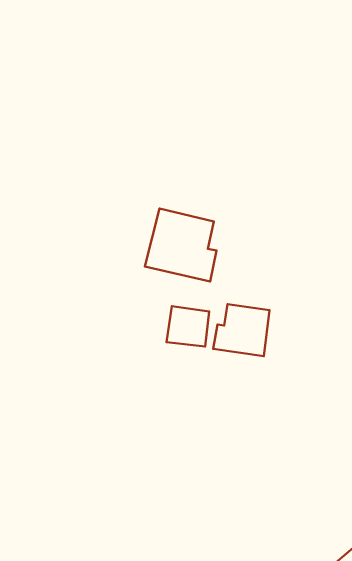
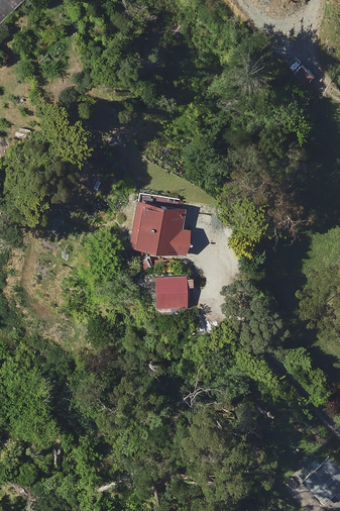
building: [213,304,270,356] -> none

